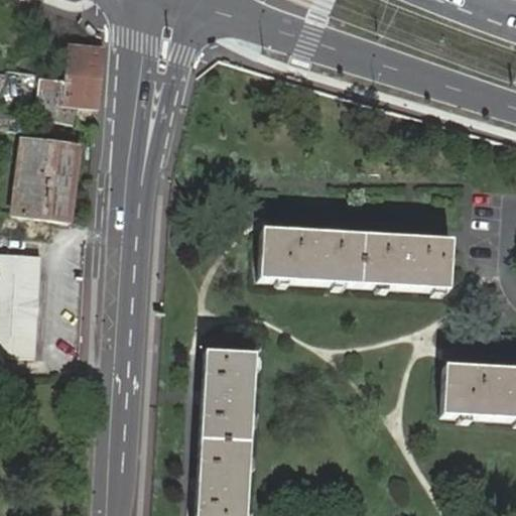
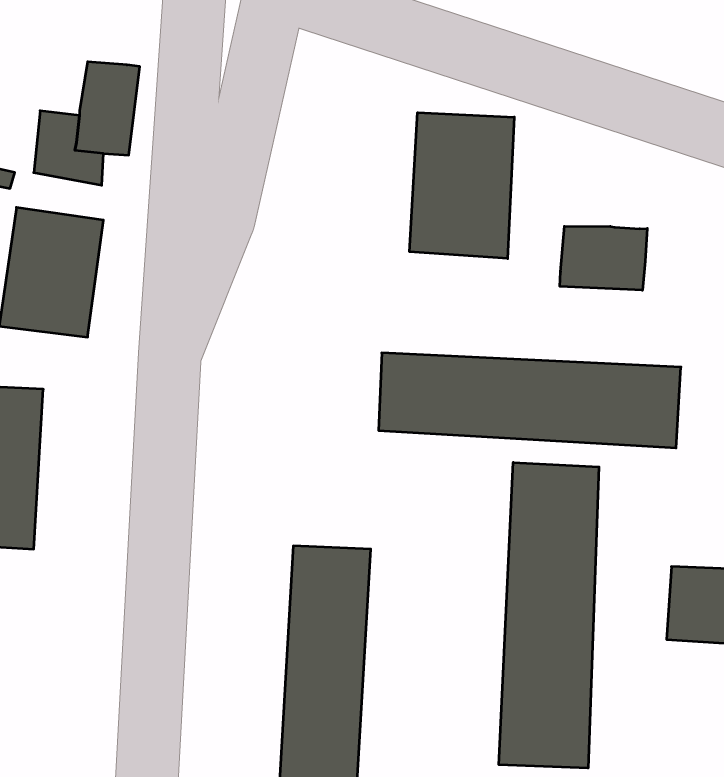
building: none -> [410,113,514,259]
building: none -> [560,226,647,290]
building: none -> [499,462,599,768]

